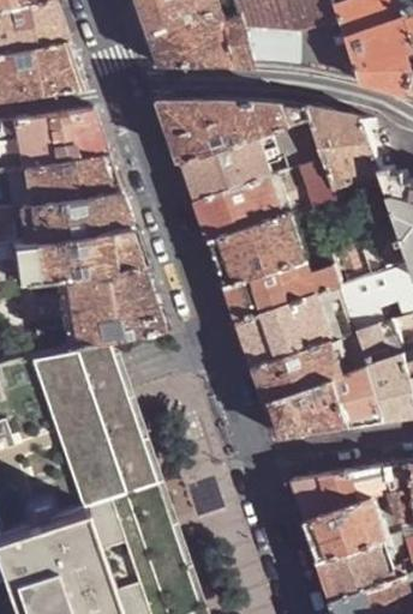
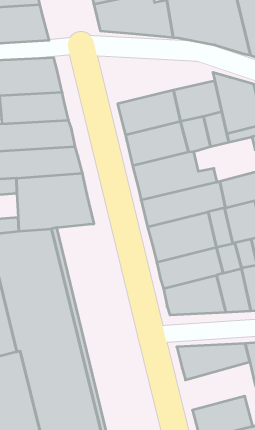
building: [161,100,309,161] -> none
building: [306,495,388,561] -> none

